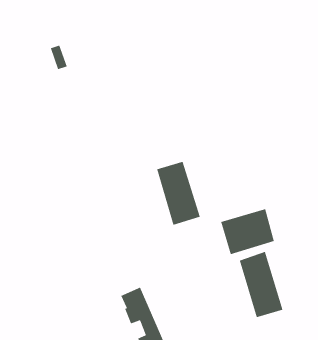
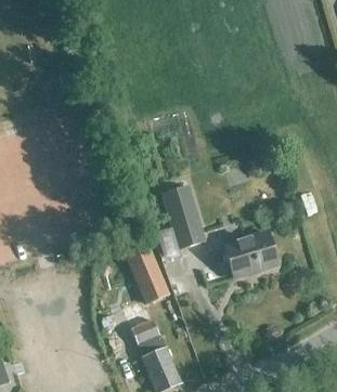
building: none -> [126,252,170,309]
building: [239,251,283,318] -> none

